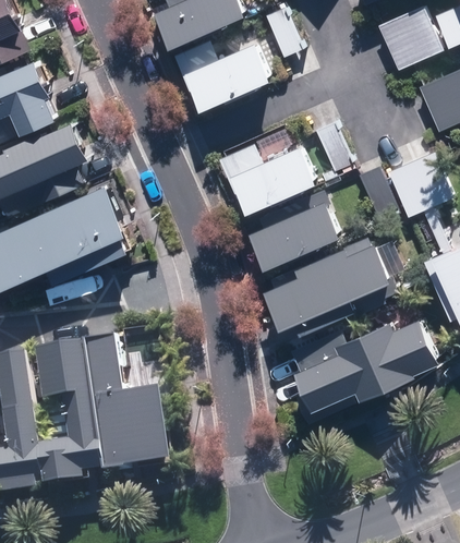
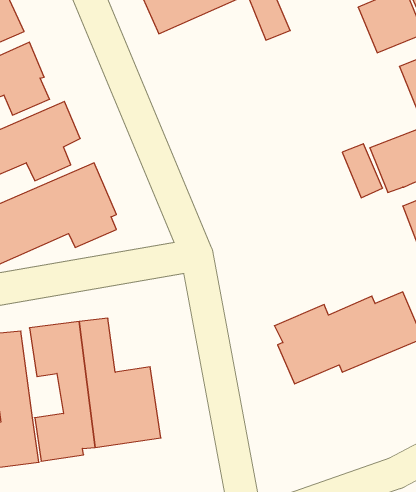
building: [172,40,273,113] -> none
building: [218,98,356,215] -> none
building: [249,201,340,272] -> none
building: [263,237,396,335] -> none

